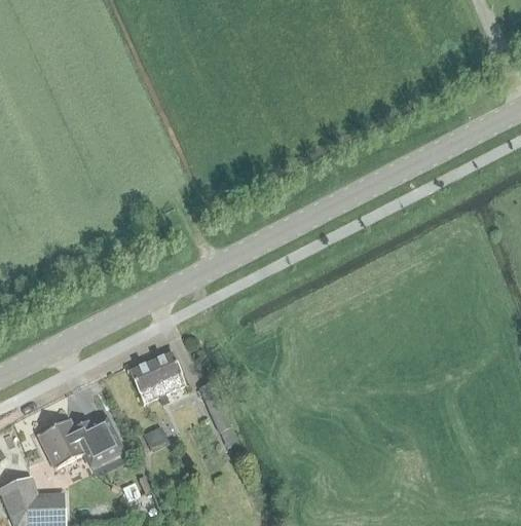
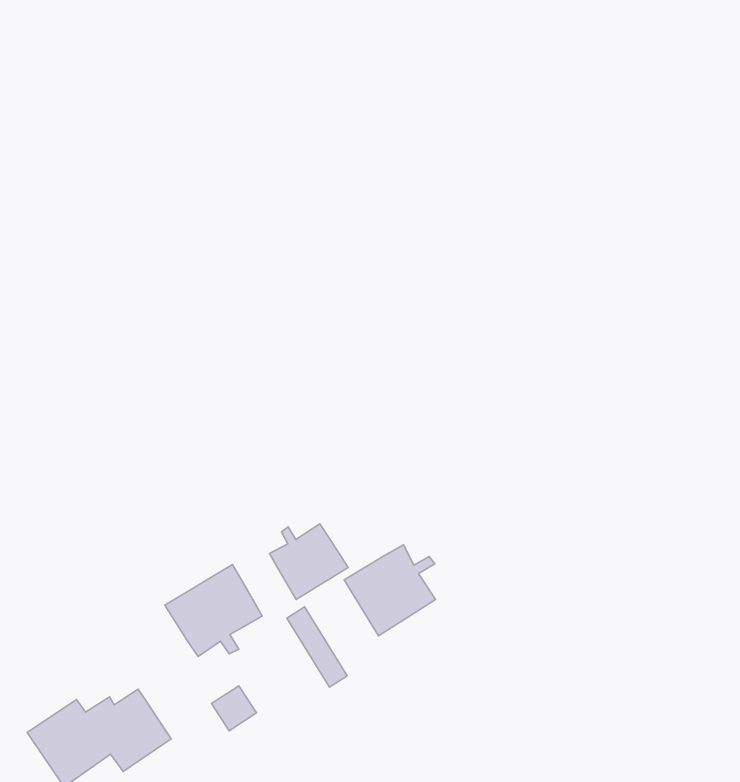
building: none -> [270,524,348,600]
building: none -> [344,545,436,636]

